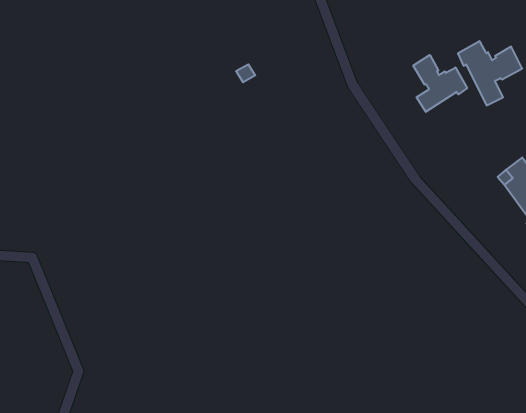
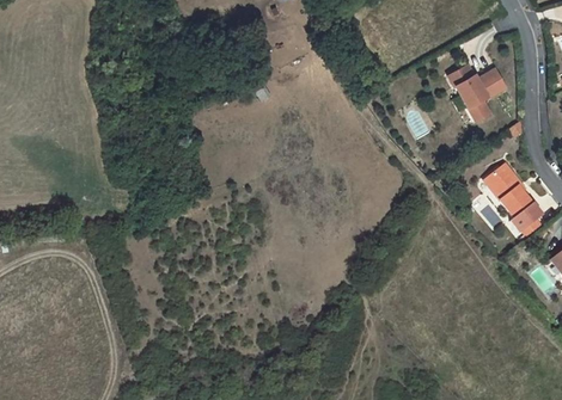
building: [413,55,467,112] -> none

